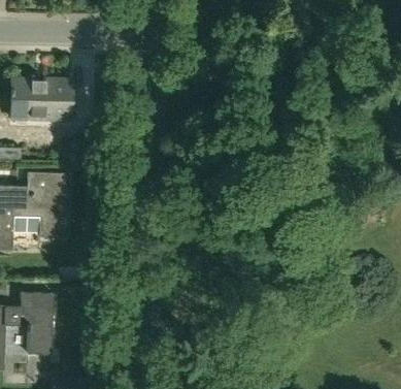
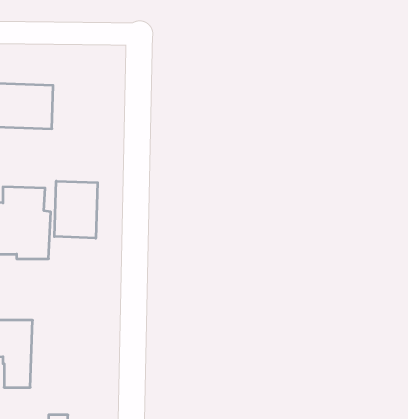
building: none -> [54,181,98,238]

